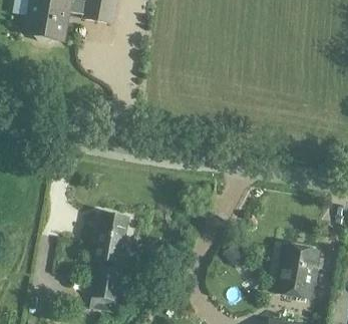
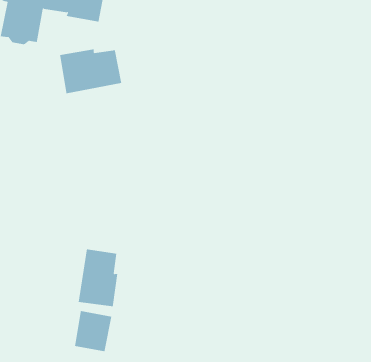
building: none -> [60,48,122,94]
building: [275,245,319,299] -> none

